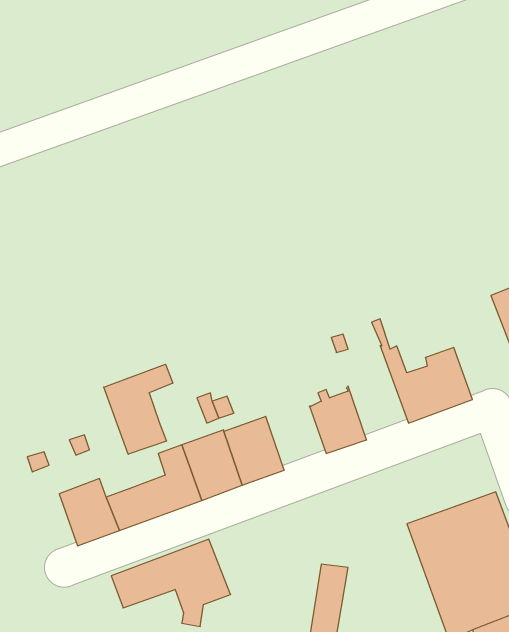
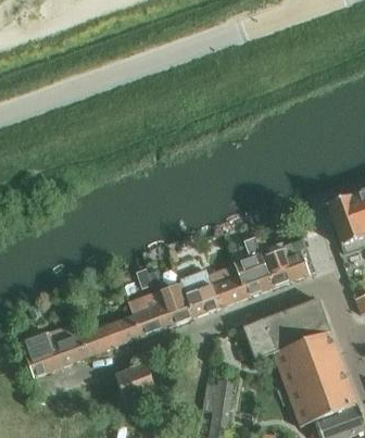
building: none -> [234,236,273,297]
building: [104,364,173,454] -> none
building: none -> [179,267,219,316]
building: none -> [242,298,329,358]
building: none -> [21,331,59,375]

